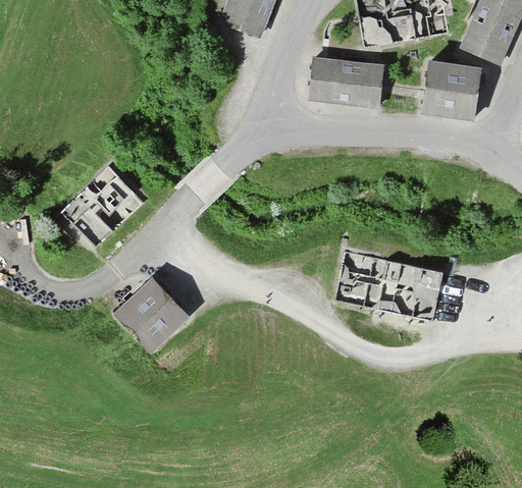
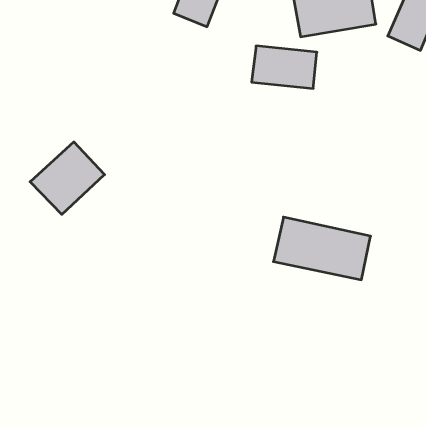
building: [423,60,481,117] -> none
building: [116,277,189,349] -> none

